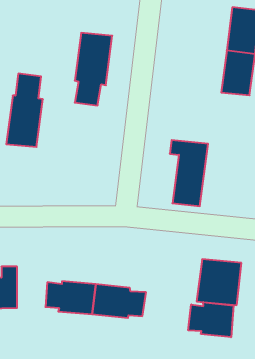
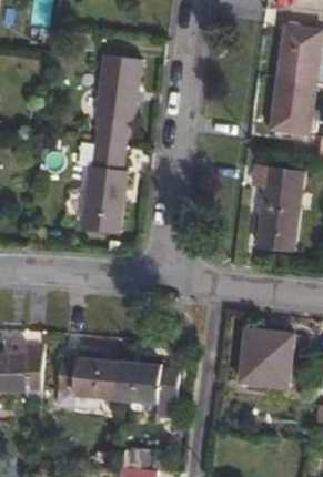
building: [6,74,43,147] -> [79,142,123,231]
building: [170,140,208,206] -> [254,168,301,247]
building: [188,302,234,337] -> none

